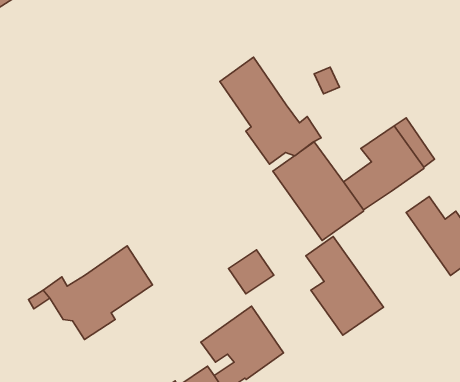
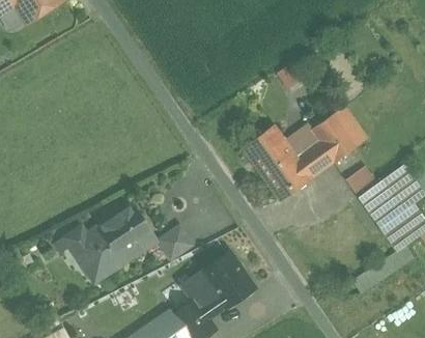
building: [220,57,321,164] -> none
building: [306,237,383,335] -> none
building: [229,250,274,294] -> [155,225,191,259]

